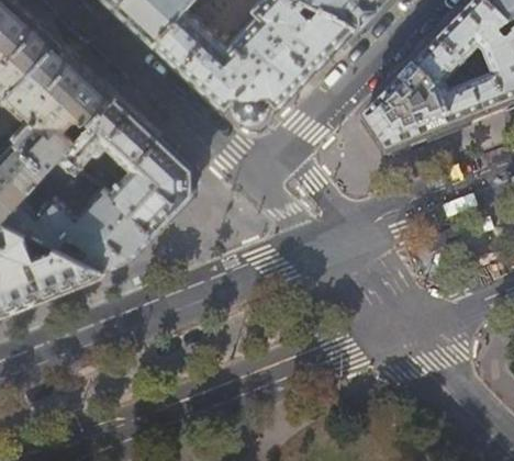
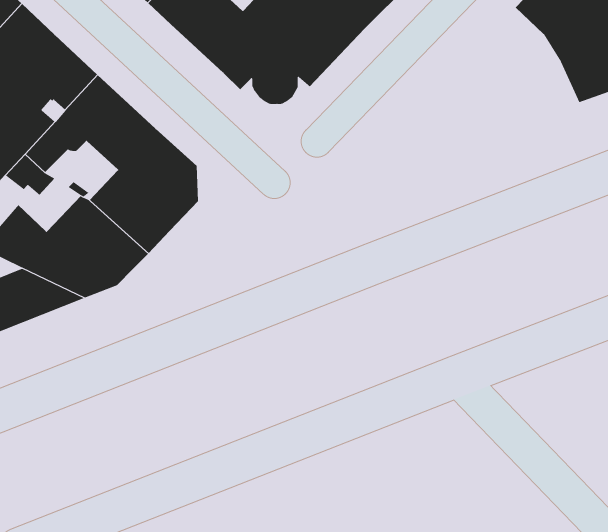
building: [359,42,483,155] -> none

